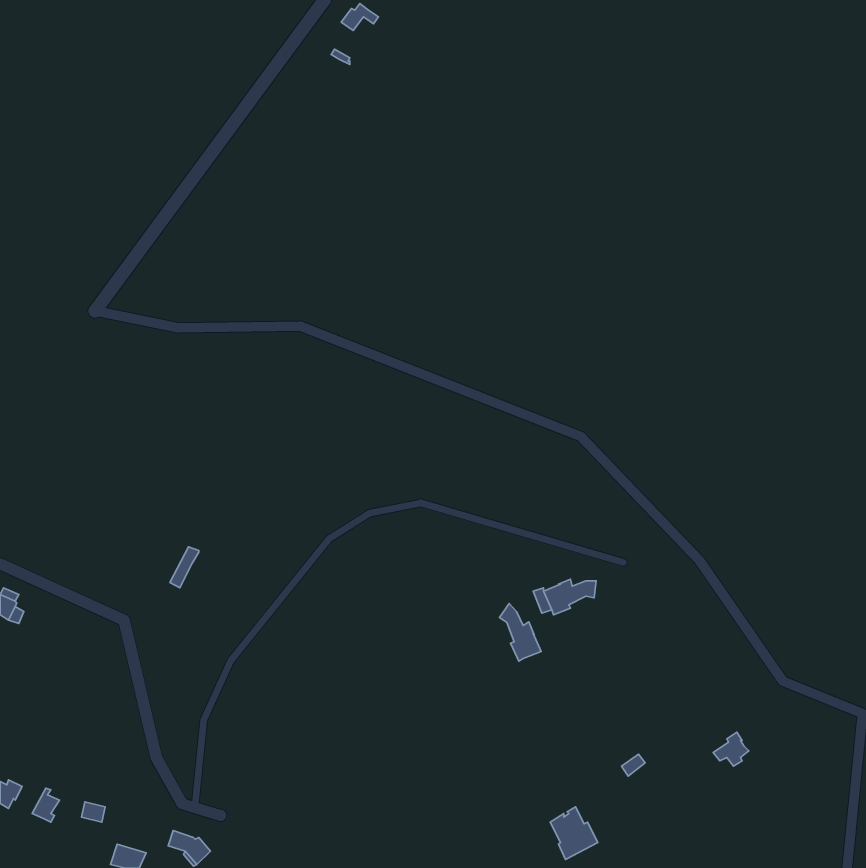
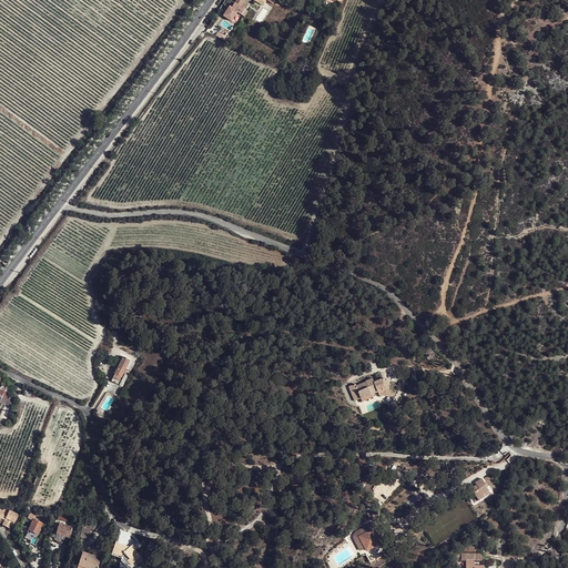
building: [500,604,541,661] -> none

